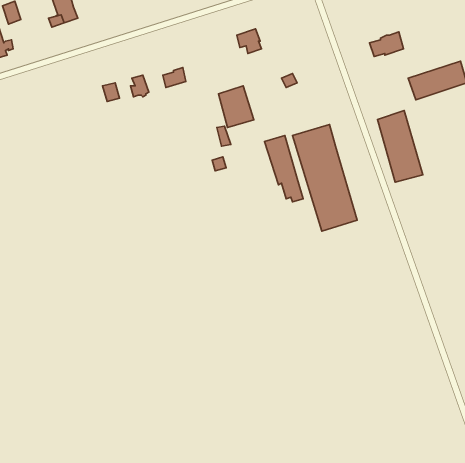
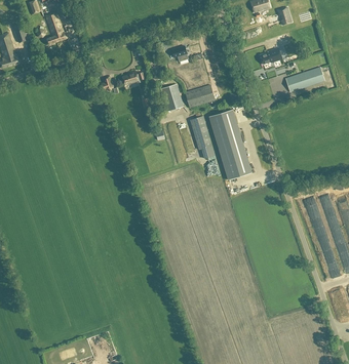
building: none -> [184,84,214,107]
building: [377,111,423,182] -> none

